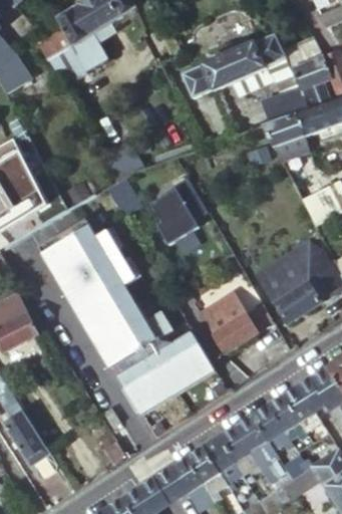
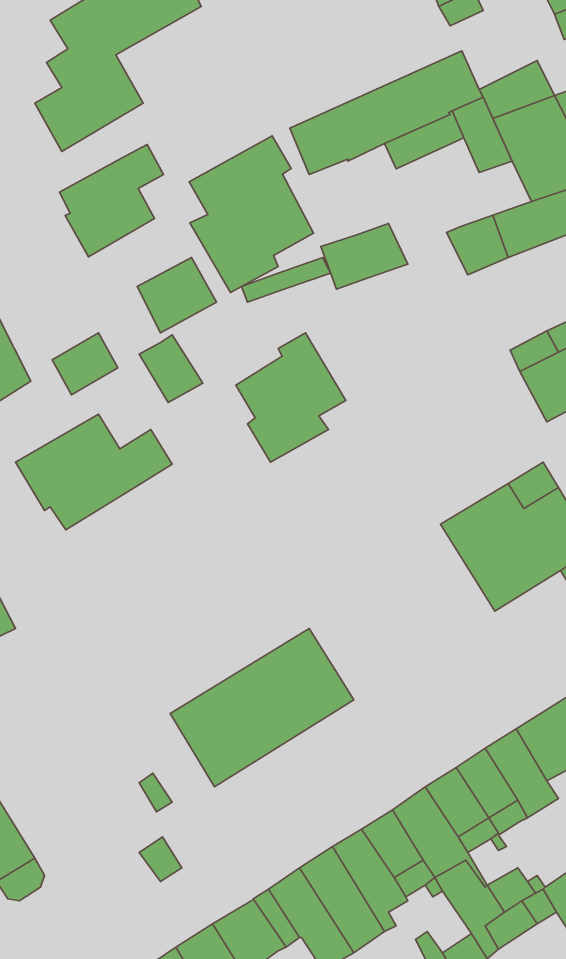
building: none -> [189,136,314,293]
building: none -> [60,145,164,257]
building: [261,89,306,123] -> [321,223,408,289]
building: [67,258,170,366] -> none
building: [199,292,273,353] -> none

